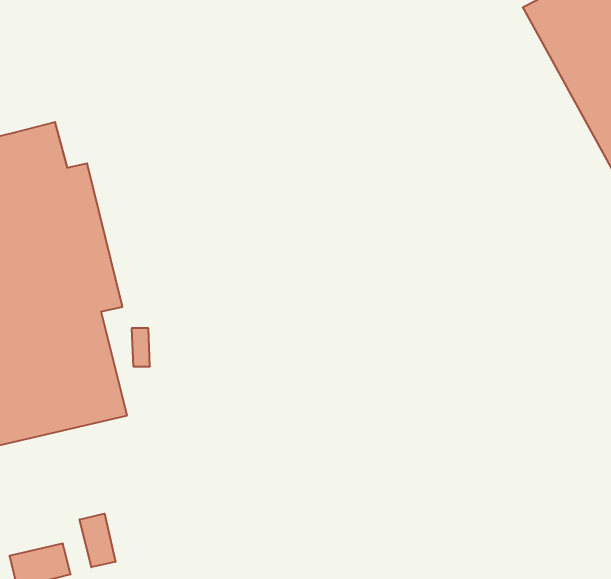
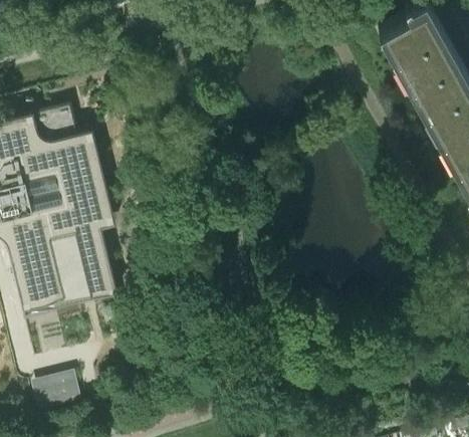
building: [80,514,115,567] -> none

